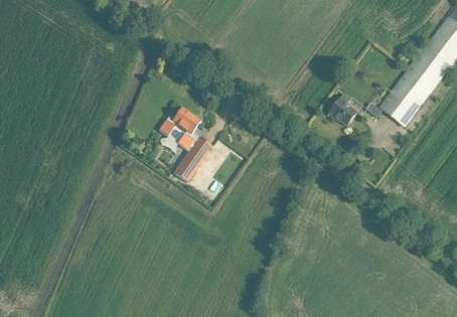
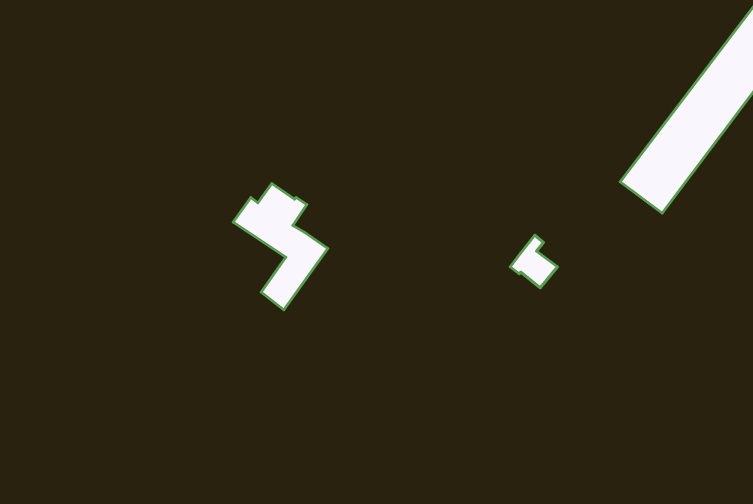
building: [329,95,356,125] -> [510,235,558,288]

